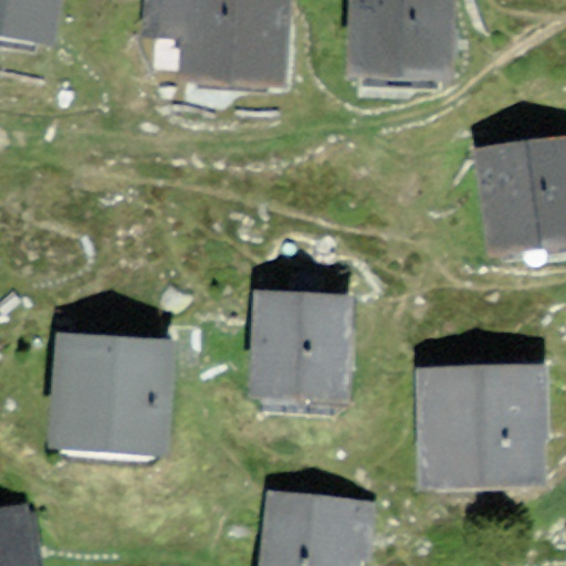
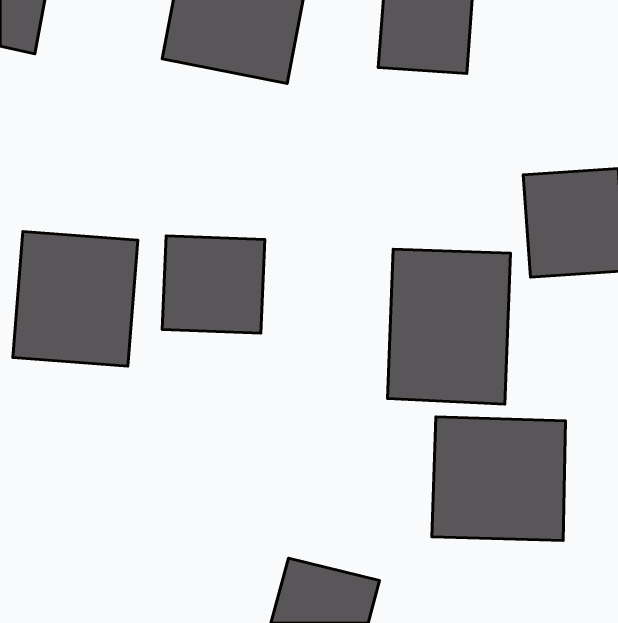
building: none -> [388,249,511,404]
building: [244,303,335,389] -> [162,236,265,333]
building: [46,335,157,454] -> [13,231,138,366]

